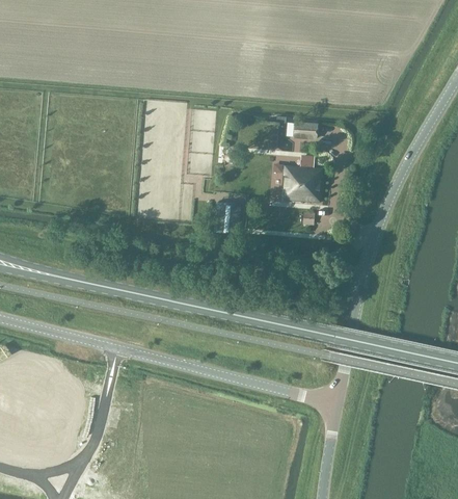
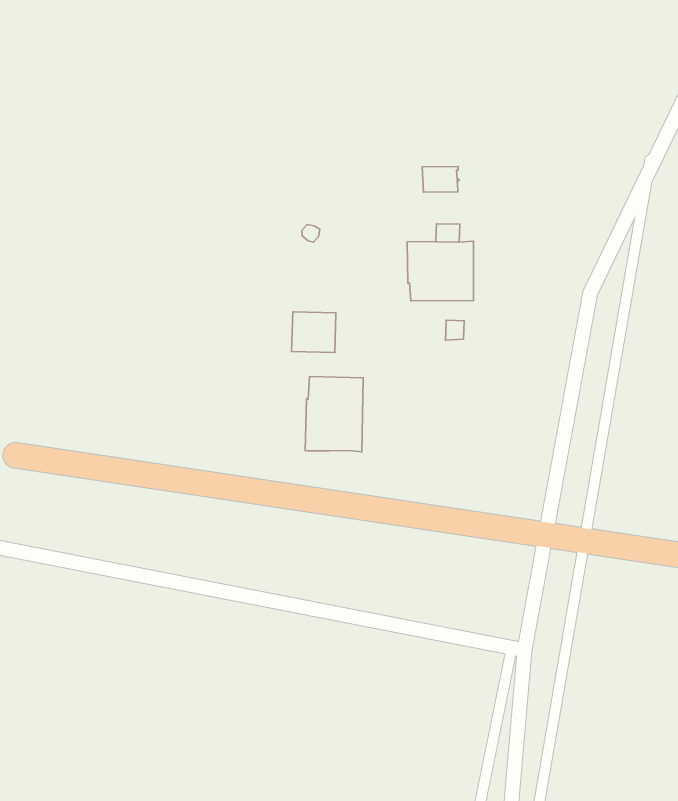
building: none -> [305,377,363,452]

